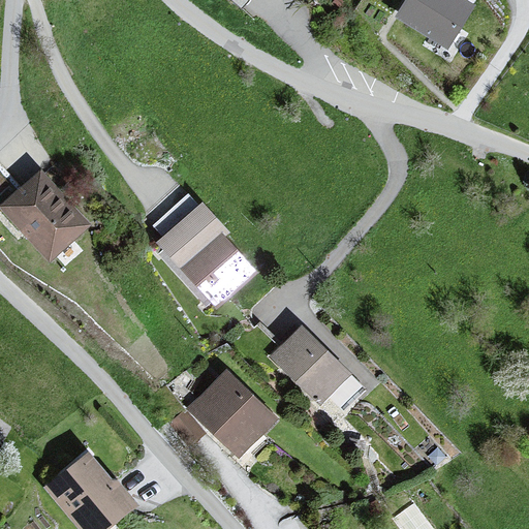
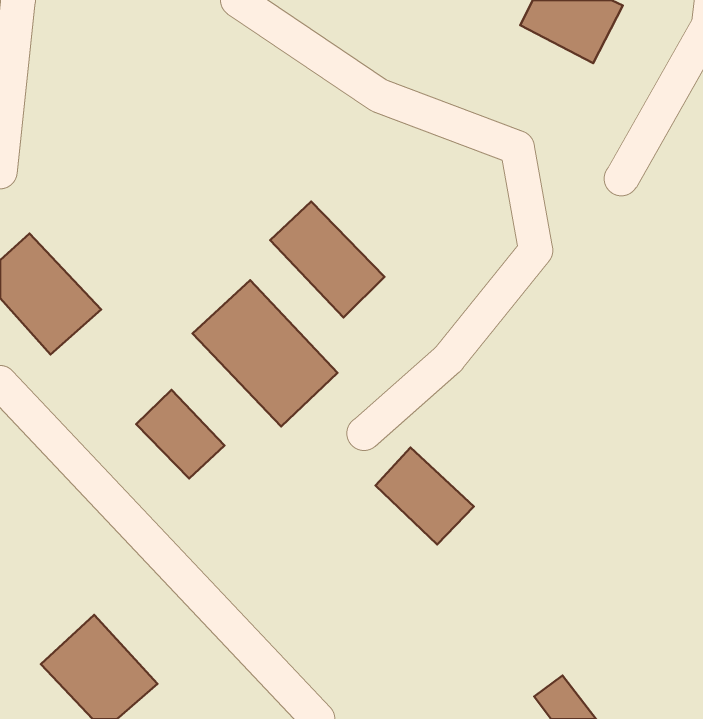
building: none -> [270,201,384,317]
building: none -> [136,390,224,479]
building: [189,371,278,457] -> none

